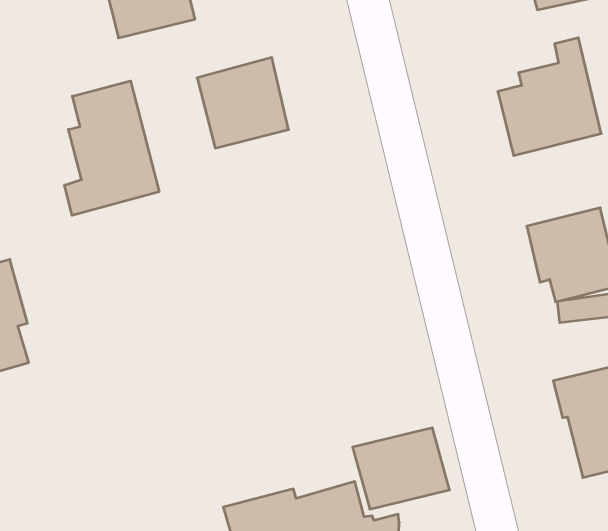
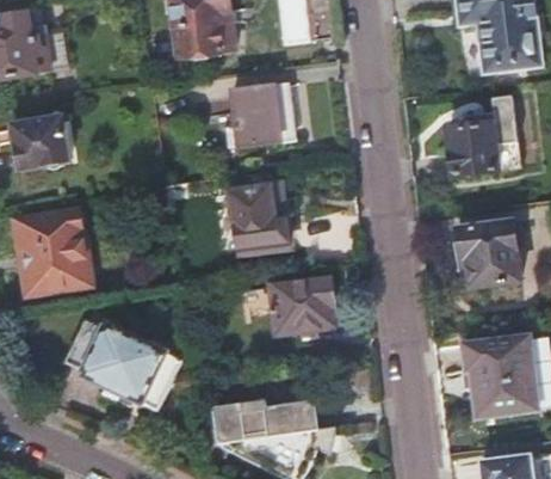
building: [65,81,159,215] -> none
building: none -> [228,184,287,251]
building: none -> [67,311,181,409]
building: [353,428,450,509] -> [268,277,335,331]

